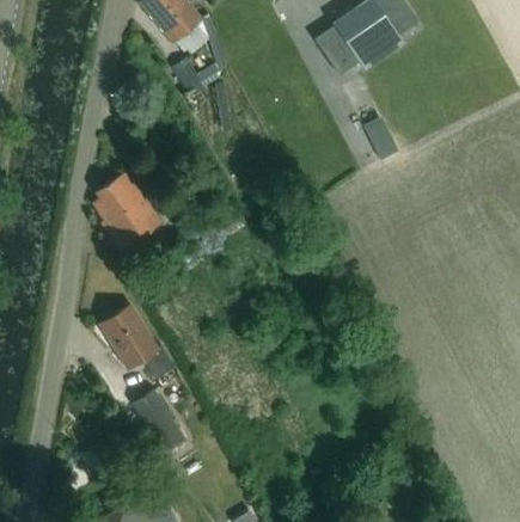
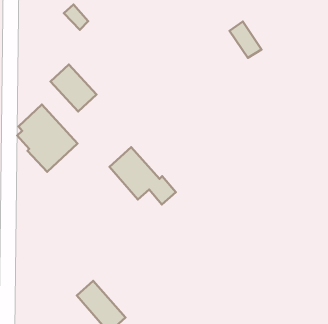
building: none -> [50,65,97,111]
building: [99,306,173,380] -> [109,147,176,204]

